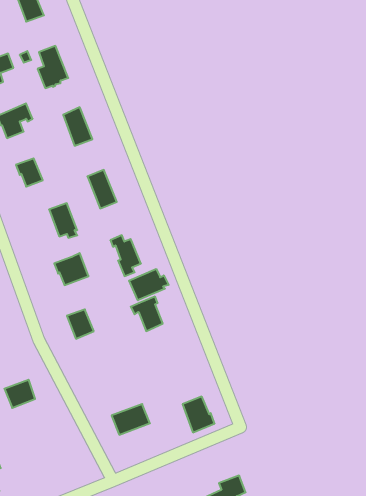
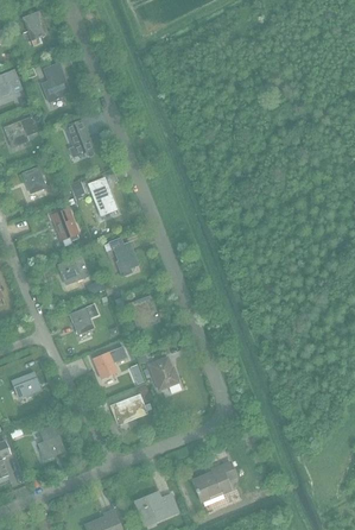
building: [129,269,169,300] -> none
building: none -> [91,345,127,379]
building: [183,397,215,432] -> [148,357,178,390]
building: none -> [37,423,65,460]

